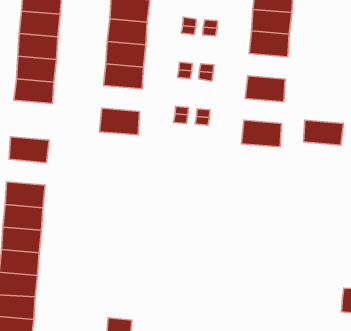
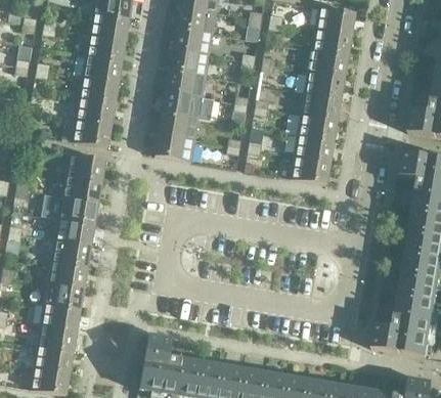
building: none -> [301,90,341,118]
building: none -> [159,109,199,137]
building: none -> [71,117,112,145]
building: [303,120,344,145] -> [294,133,334,160]
building: none -> [61,173,101,201]

